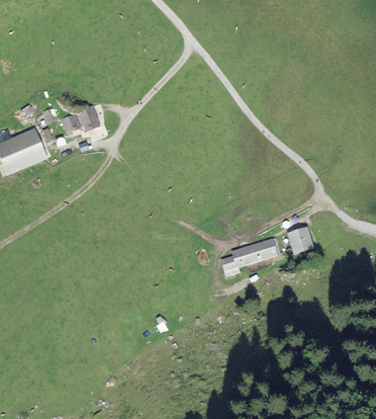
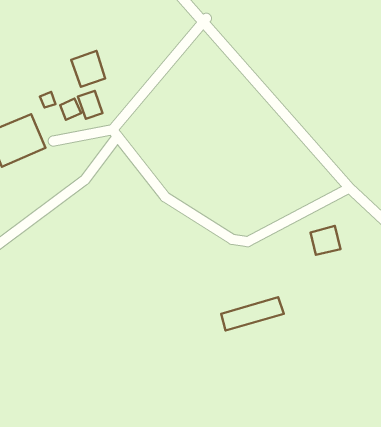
building: none -> [71,51,105,87]
building: [221,241,278,271] -> [221,297,284,331]

